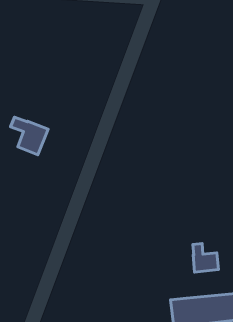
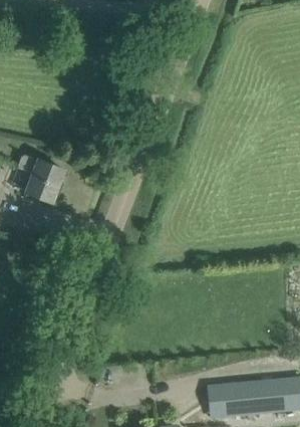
building: [193,243,219,272] -> none

